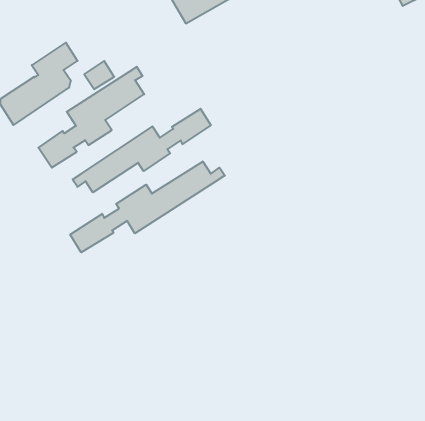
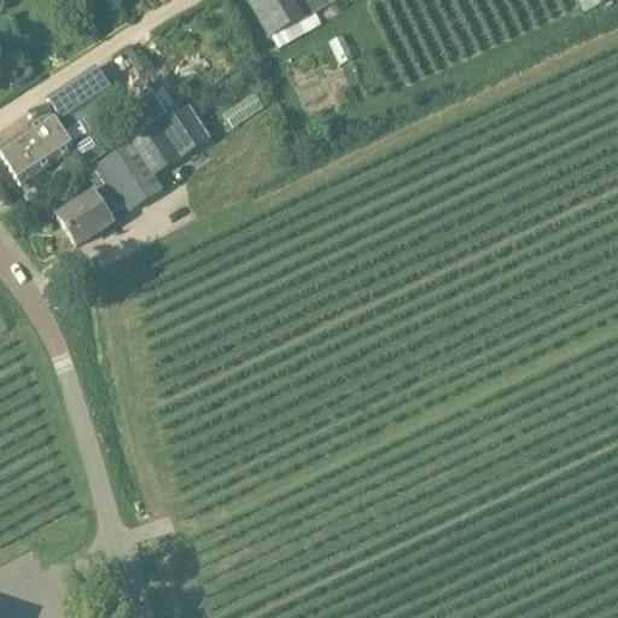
building: [73,109,211,192] -> none
building: [70,161,225,252] -> none

